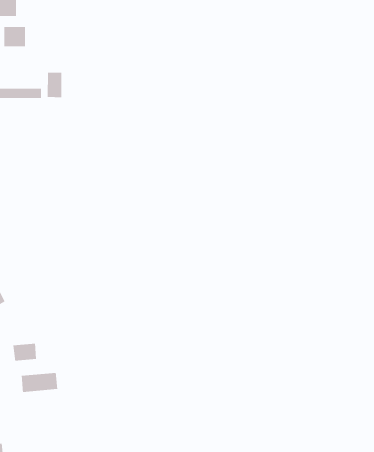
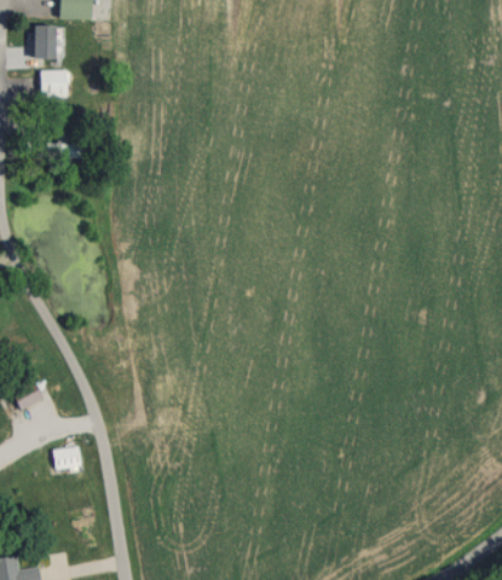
building: [47,72,62,98] -> none
building: [21,372,58,393] -> none

